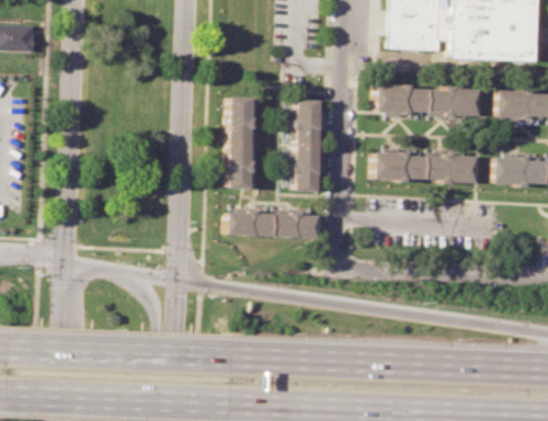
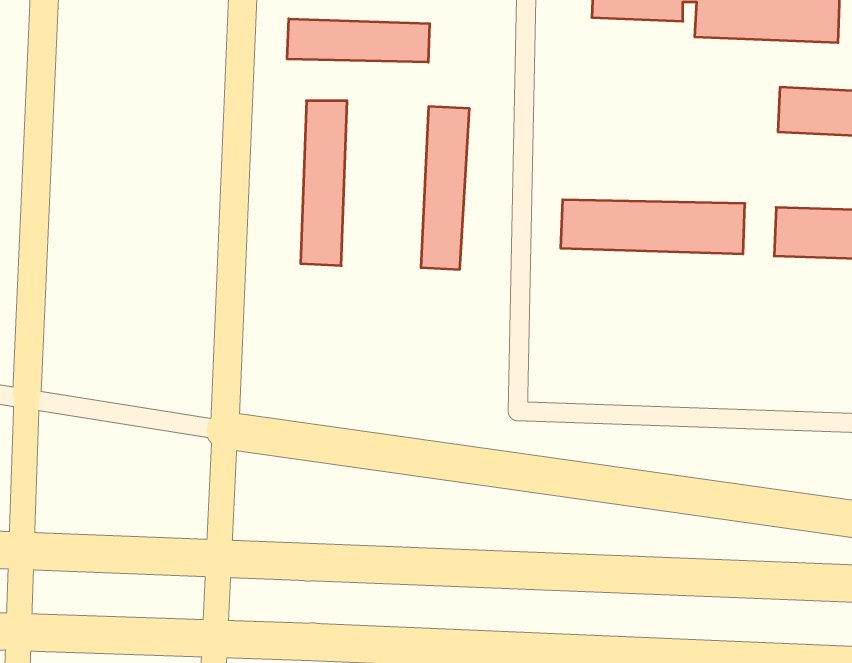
building: none -> [287,19,430,62]
building: [377,87,479,115] -> none
building: [226,213,318,240] -> none

